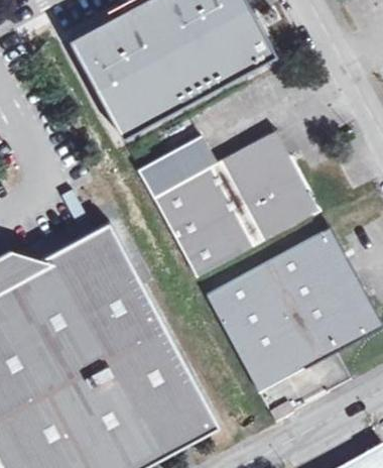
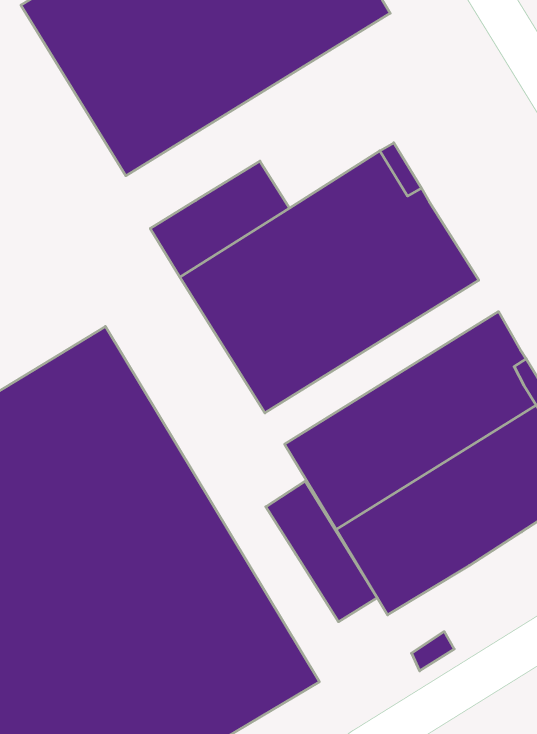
building: none -> [266,481,377,622]

